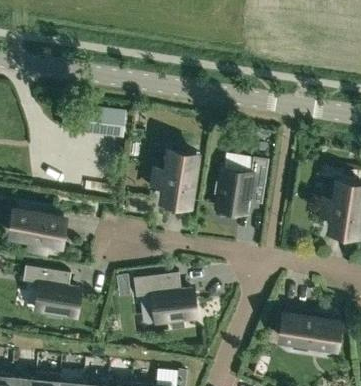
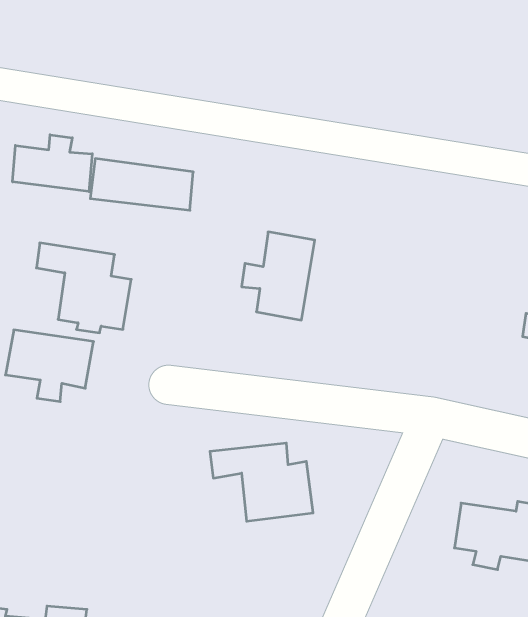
building: none -> [13,135,92,192]
building: [214,156,268,213] -> none
building: [23,265,80,319] -> [36,243,131,333]

